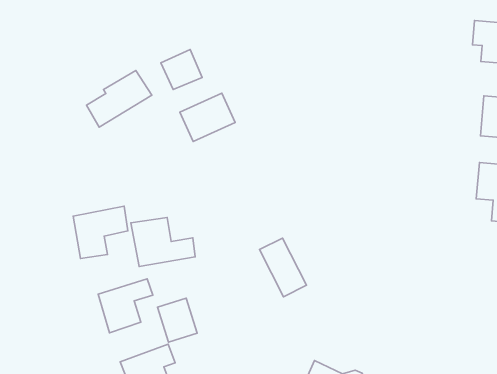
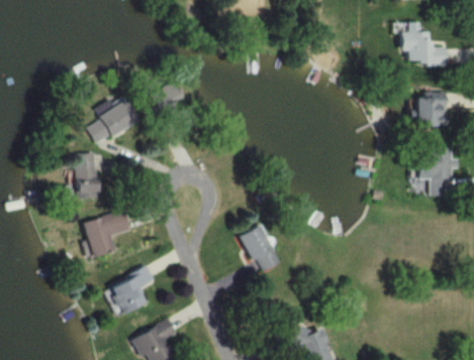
building: [180,93,235,141] -> none
building: none -> [76,153,97,198]
building: [131,217,195,266] -> none
building: [158,298,197,342] -> none

